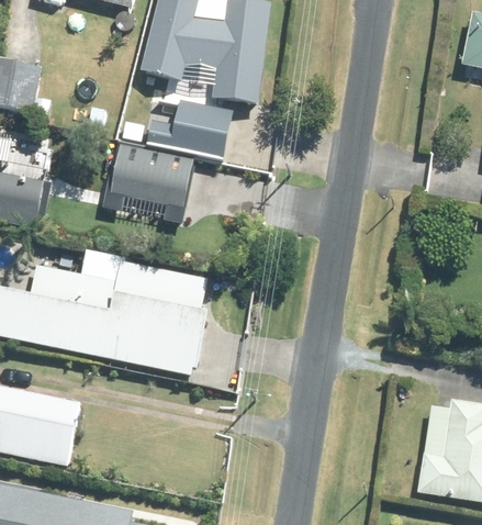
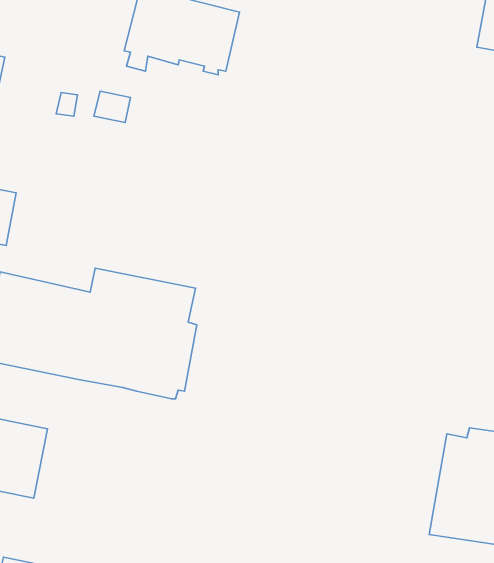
building: [149,103,255,152] -> none
building: [104,152,197,232] -> none

